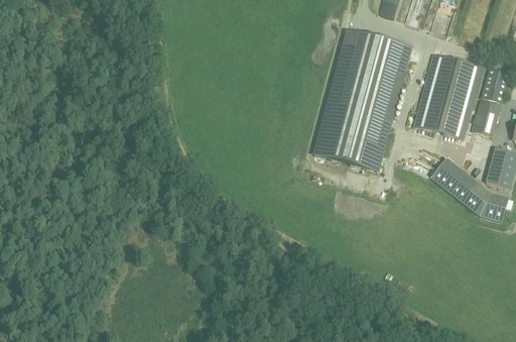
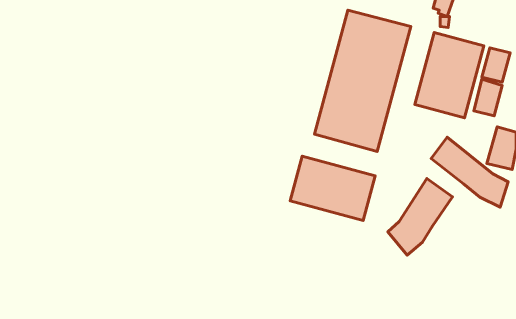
building: none -> [290,156,375,220]
building: none -> [388,179,452,255]

